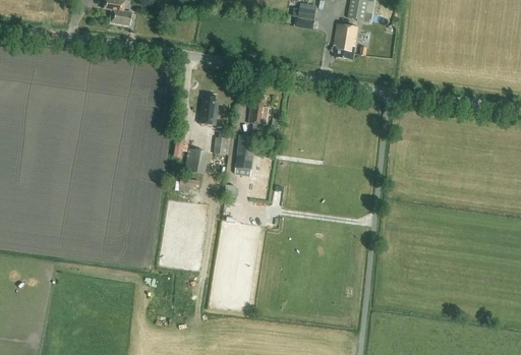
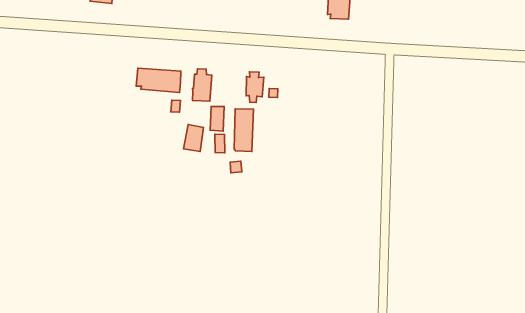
building: none -> [136,68,181,92]

